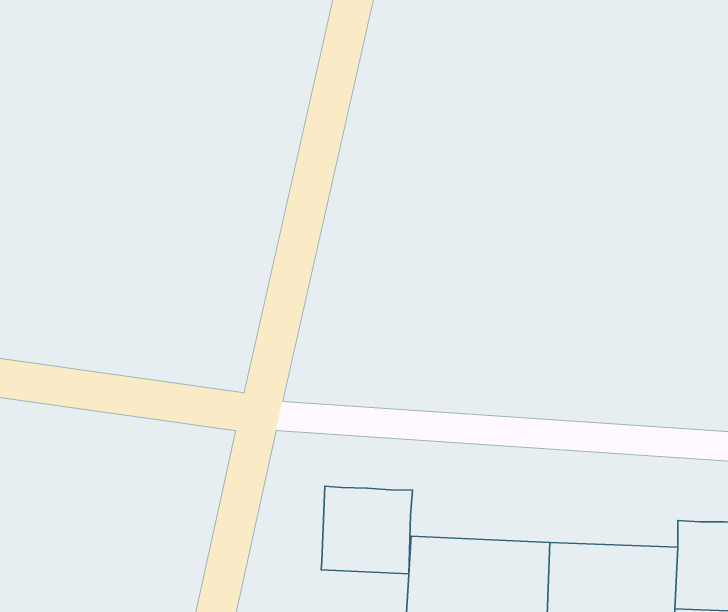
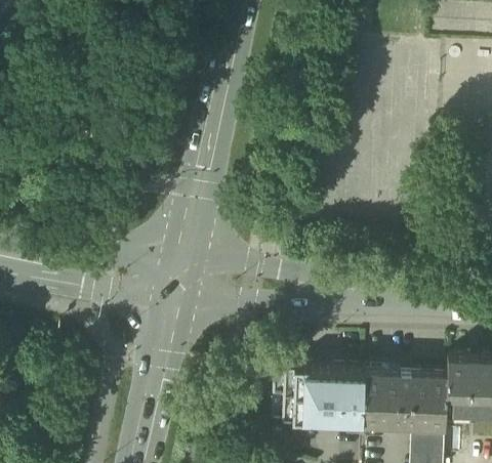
building: [321,486,413,574] -> none

